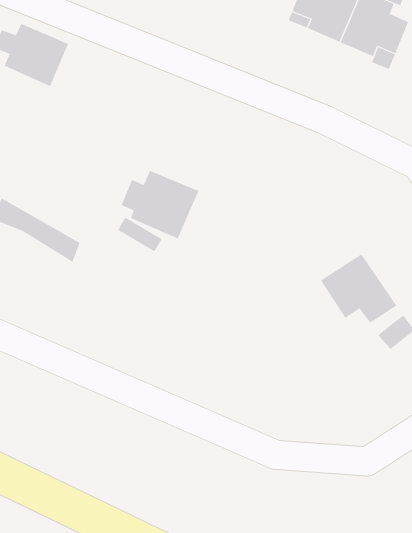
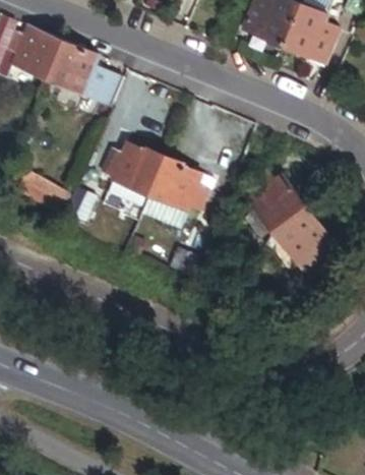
building: none -> [53,44,125,104]
building: none -> [153,159,210,213]
building: none -> [243,171,296,229]

